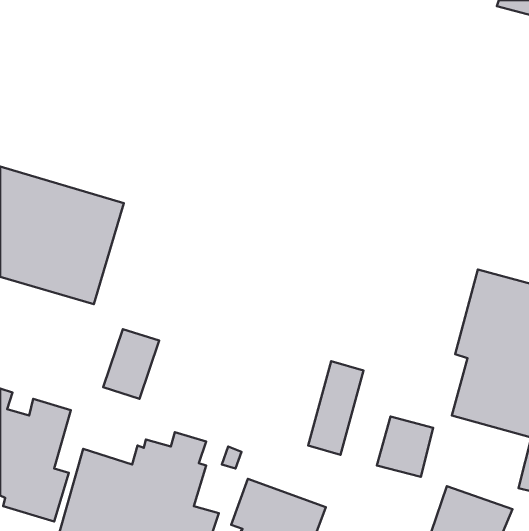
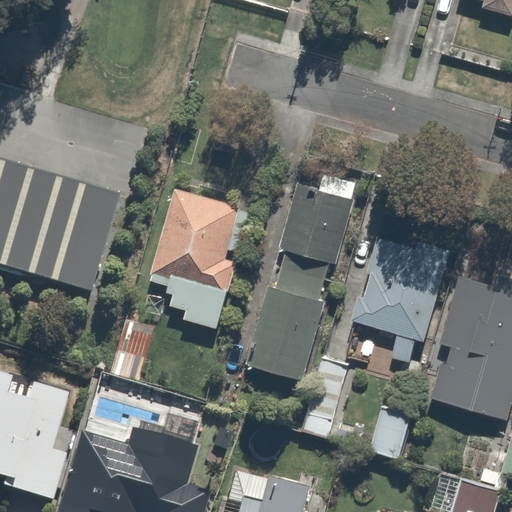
building: none -> [240,169,352,383]
building: none -> [146,188,247,328]
building: none -> [355,234,452,383]

